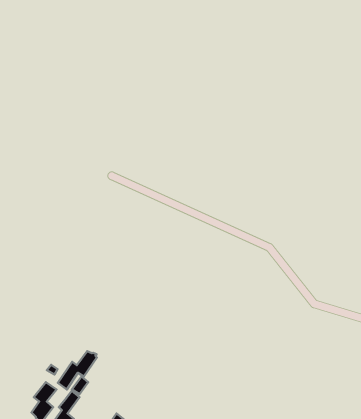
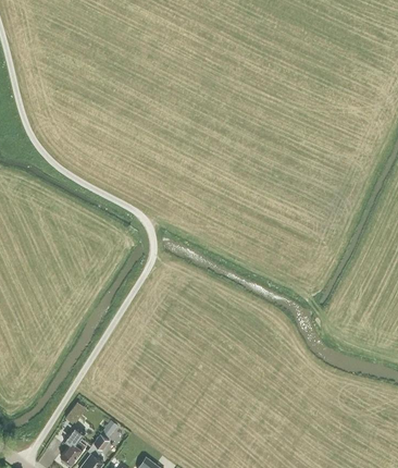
building: [58,351,97,390] -> none

